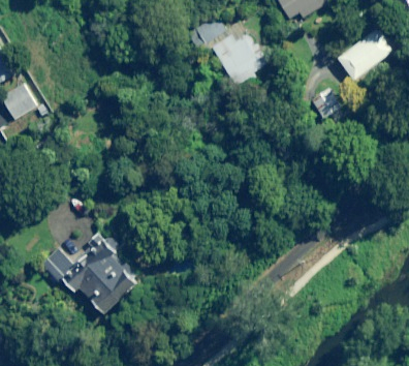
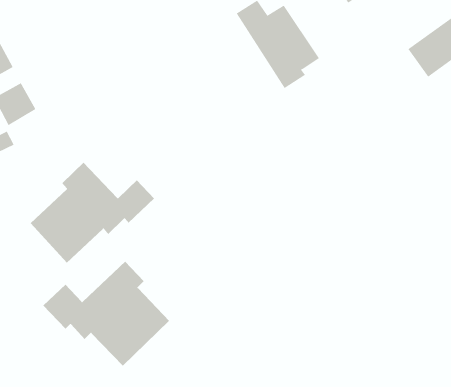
building: [311,88,342,118] -> none
building: none -> [30,162,155,263]

